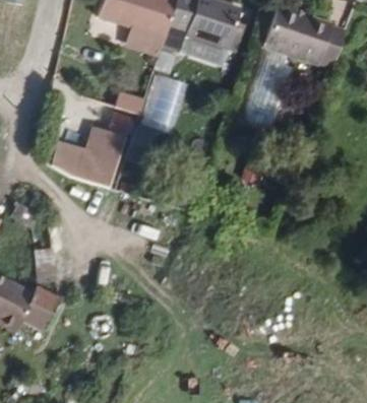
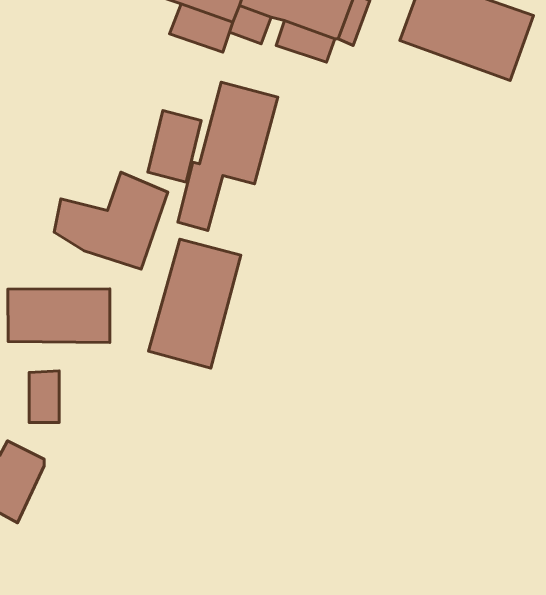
building: none -> [148,239,241,368]
building: none -> [8,289,110,342]

